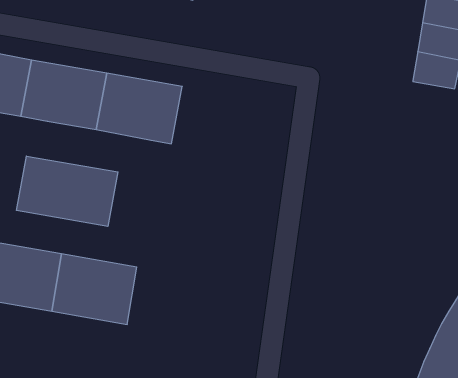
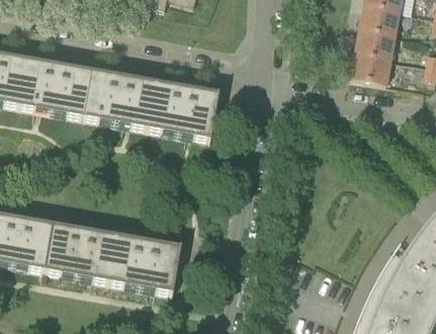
building: none -> [147,80,220,140]
building: [16,156,118,226] -> none
building: none -> [109,233,181,293]

